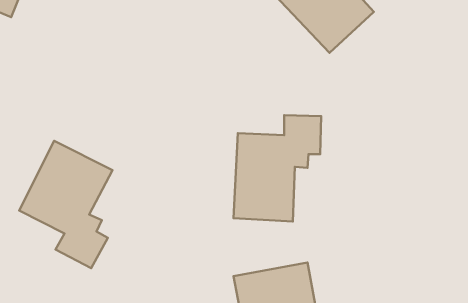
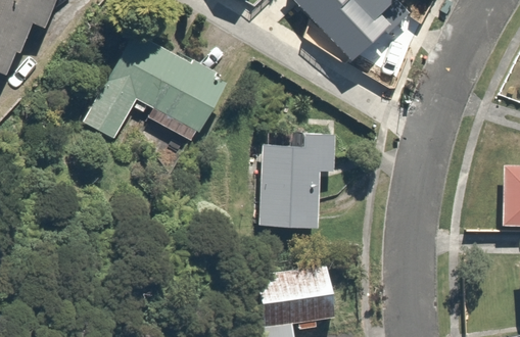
building: none -> [88,35,222,137]
building: [19,141,112,268] -> none

